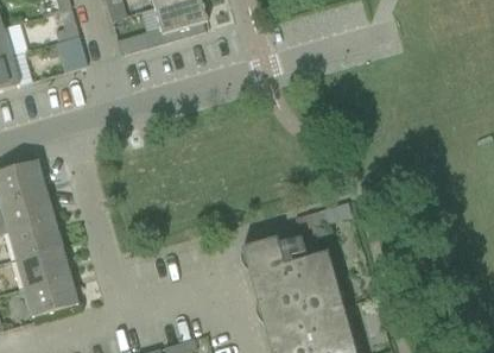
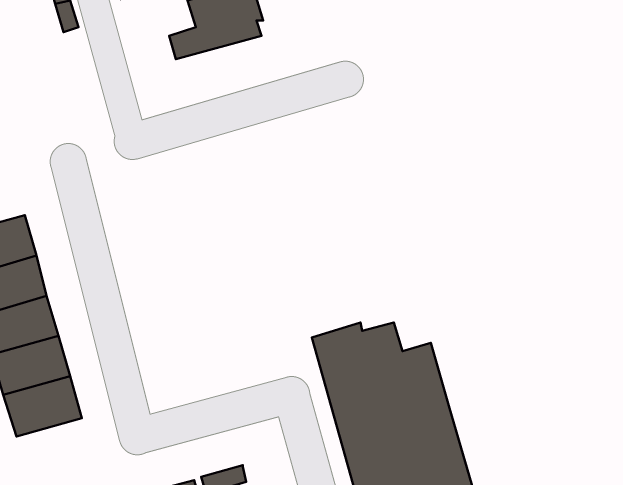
building: [55,36,87,73] -> none

